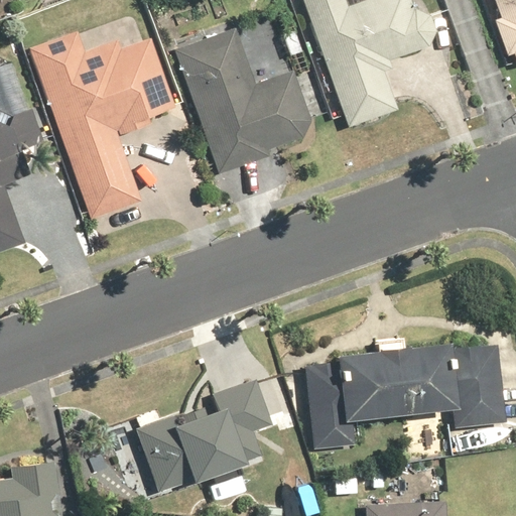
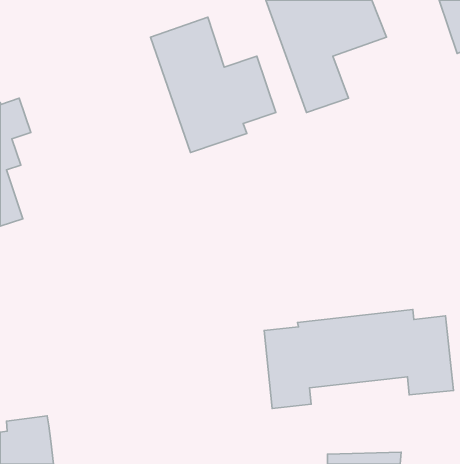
building: [27,24,173,218] -> none
building: [136,376,274,496] -> none

